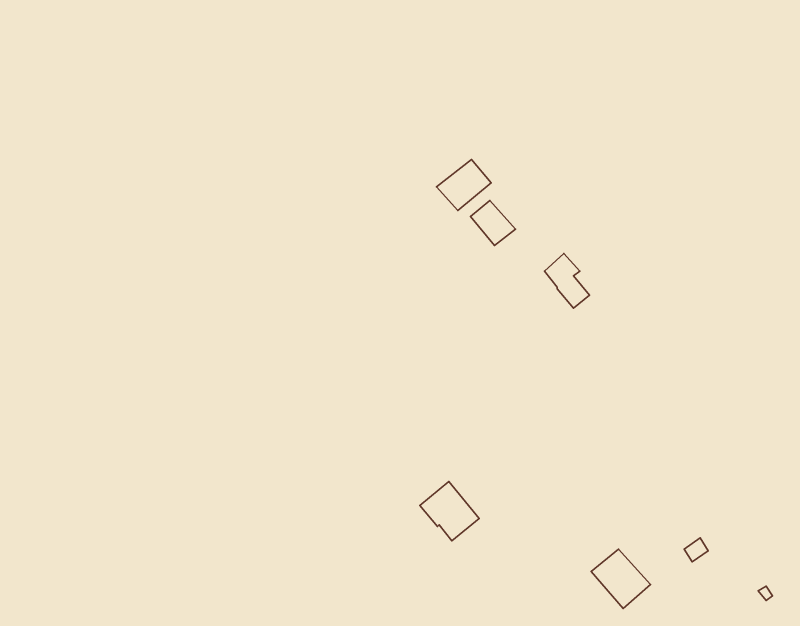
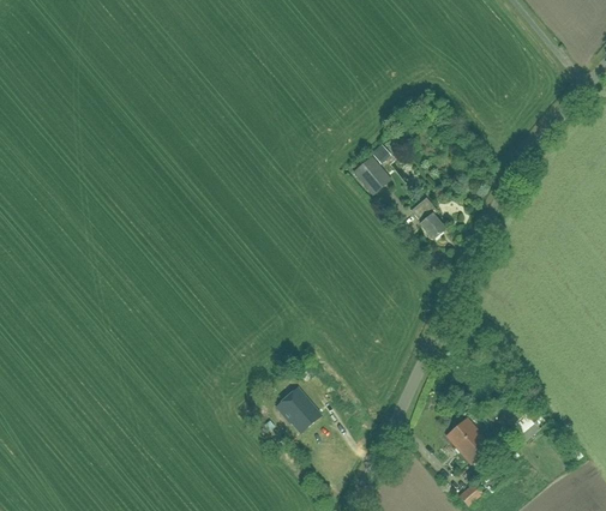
building: [437,159,491,211] -> none
building: [420,481,479,541] -> [276,387,320,432]

